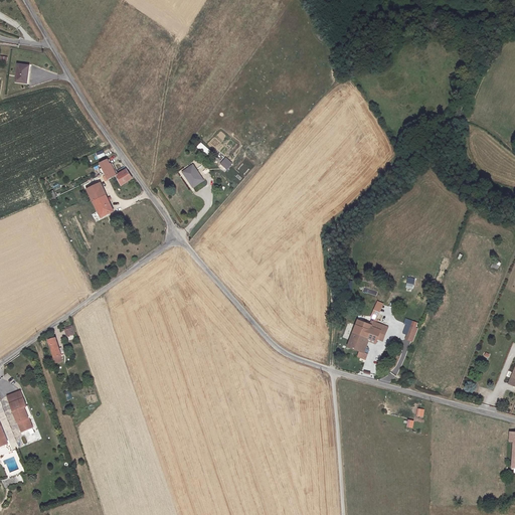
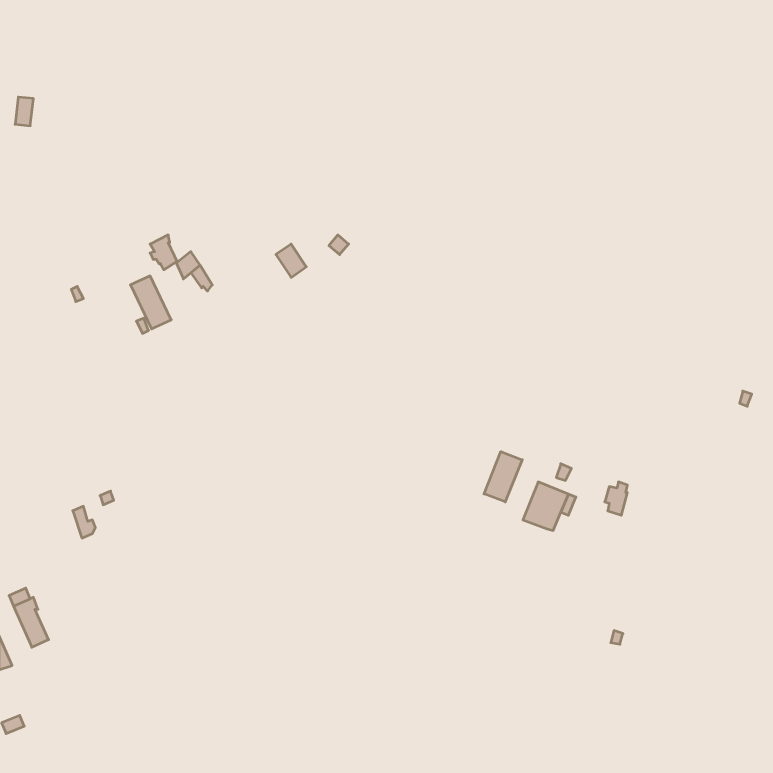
building: none -> [484,452,522,502]

